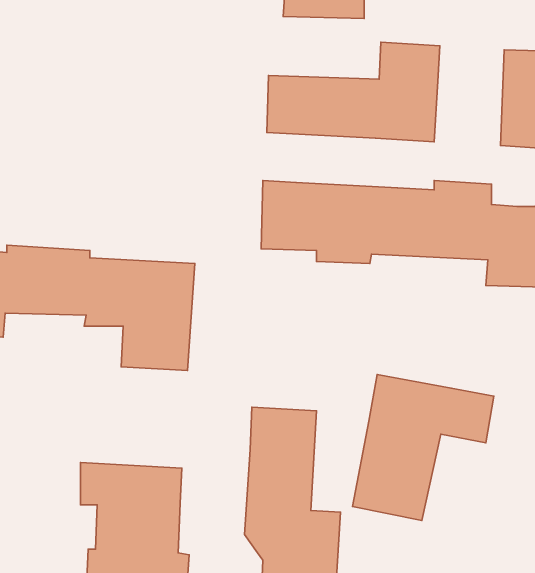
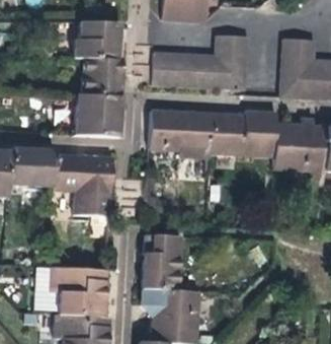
building: none -> [75,21,125,136]
building: [353,375,494,521] -> none

